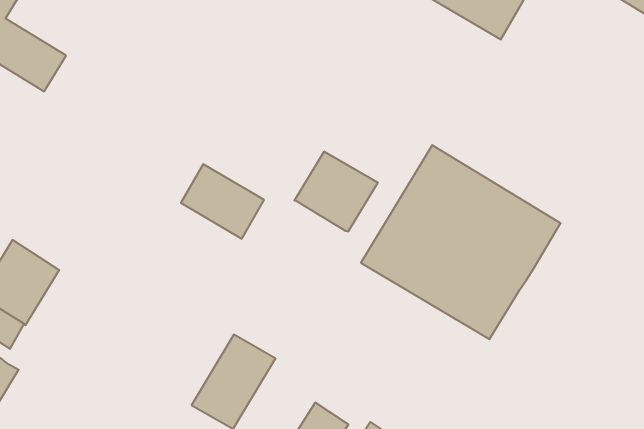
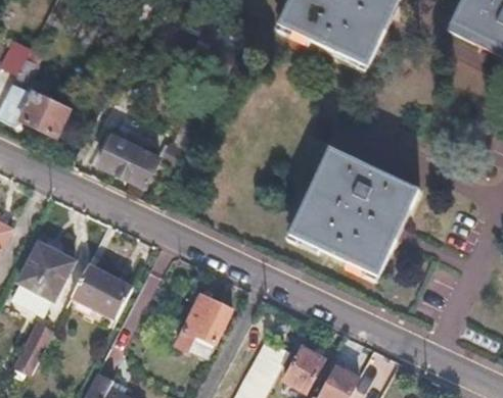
building: [294,151,378,232] -> none
building: [181,164,264,239] -> [97,135,155,185]
building: none -> [73,263,131,313]

